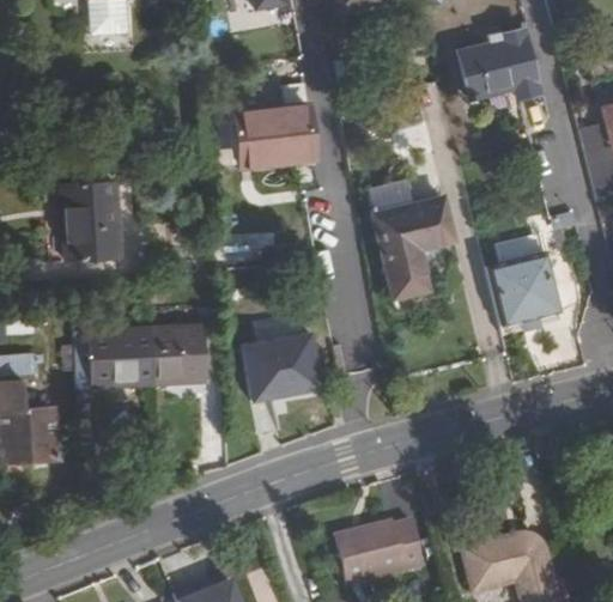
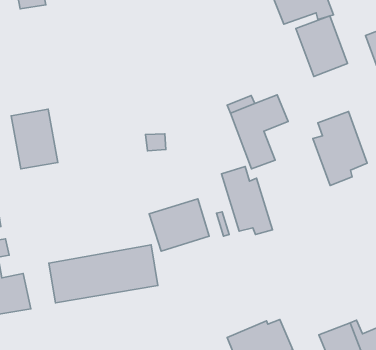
building: none -> [296,16,347,77]
building: [237,104,316,165] -> none
building: none -> [221,167,272,235]
building: [74,318,225,384] -> [49,245,158,303]

